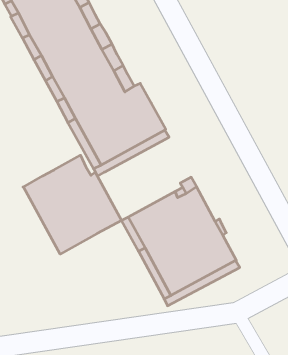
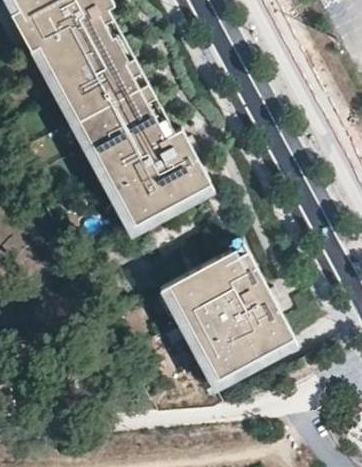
building: [23,155,121,254] -> none

